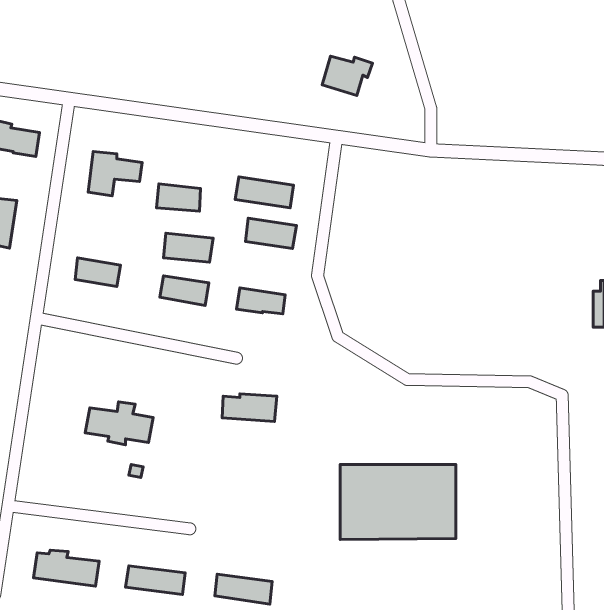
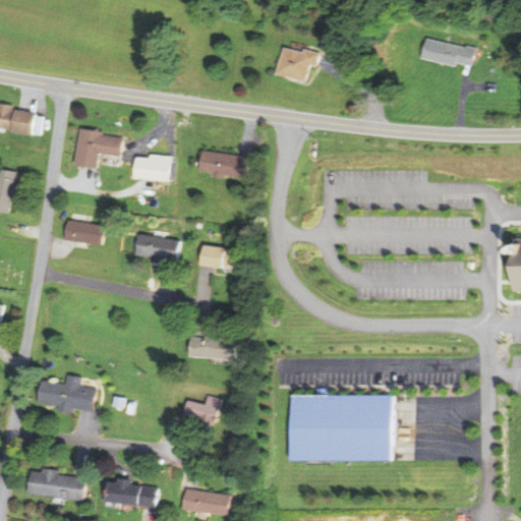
building: none -> [419,38,474,65]
building: [245,218,296,248] -> none
building: [163,233,213,262] -> none
building: [85,402,153,445] -> [37,375,95,412]
building: none -> [183,395,220,426]

